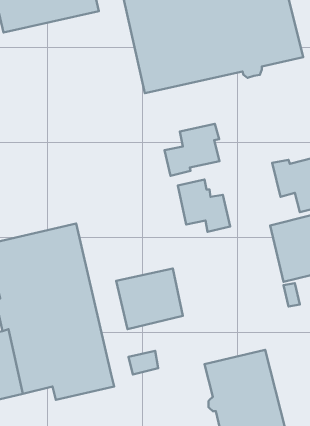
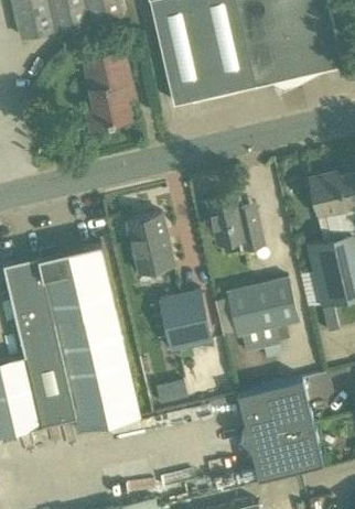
building: none -> [84,51,130,129]
building: [165,124,219,176] -> none
building: none -> [128,214,174,273]
building: none -> [226,277,299,354]

